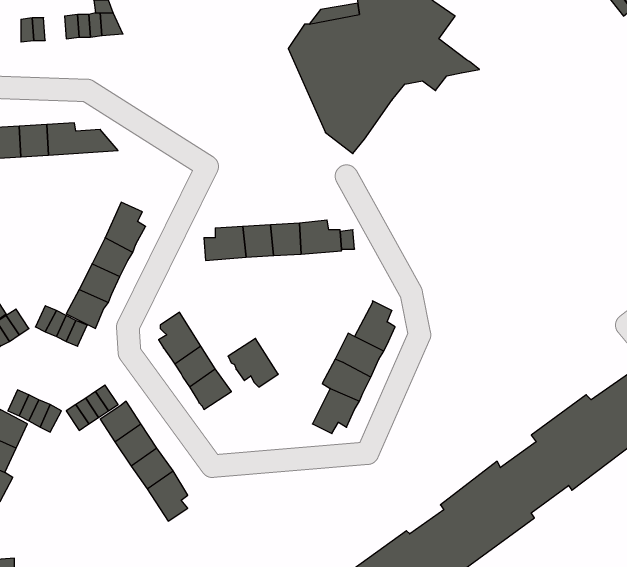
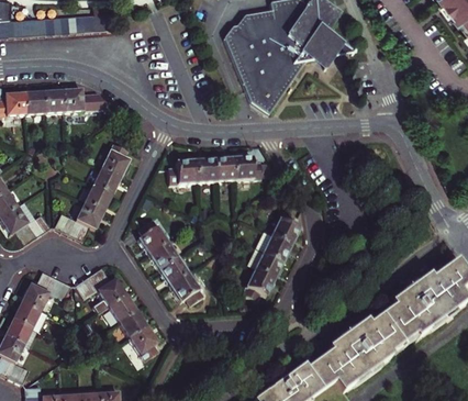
building: [228,338,278,387] -> [168,271,202,304]

